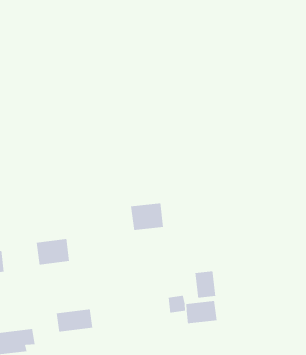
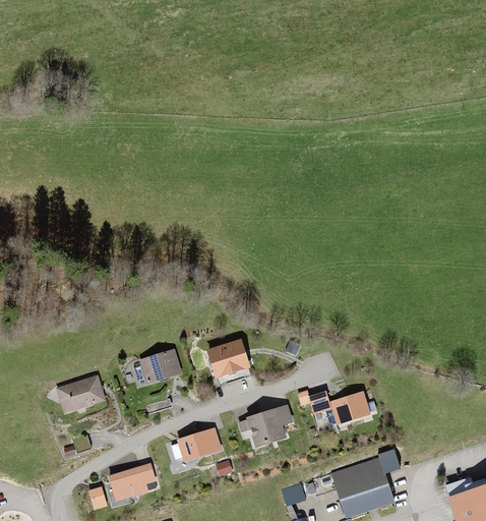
building: [130,203,164,231] -> [205,339,250,378]
building: [195,270,216,299] -> none
building: none -> [245,404,293,449]

